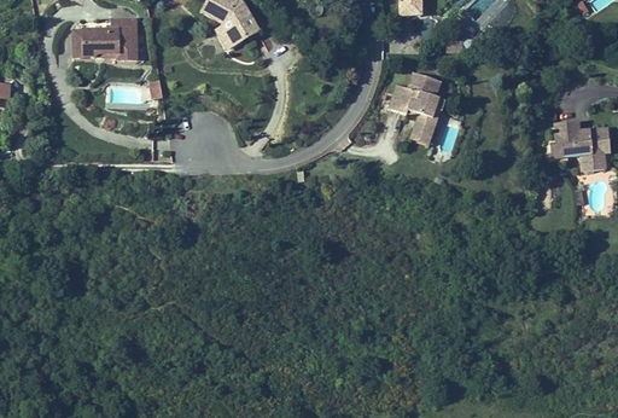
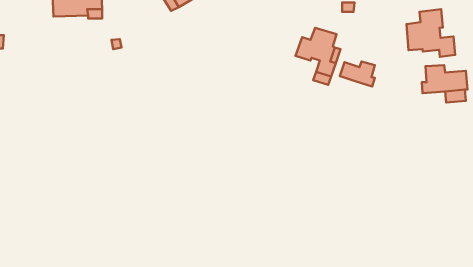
building: none -> [406,9,455,57]
building: none -> [340,62,375,86]

